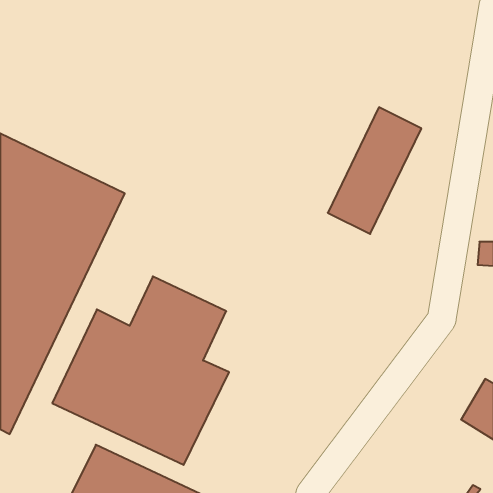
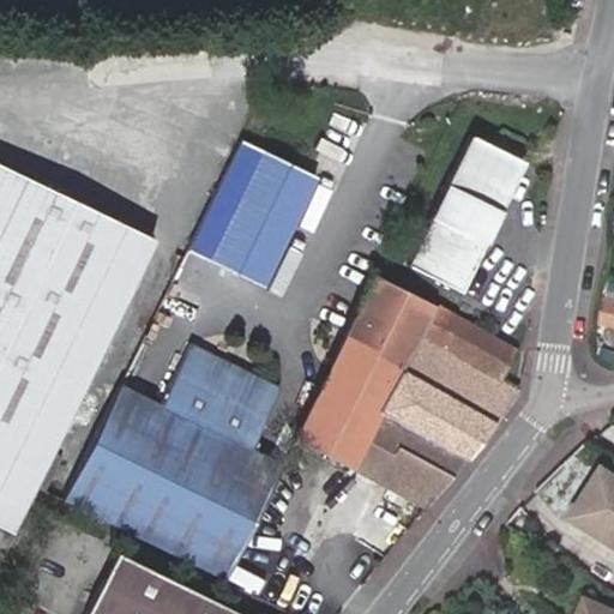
building: none -> [205,157,309,291]
building: none -> [297,277,517,516]

